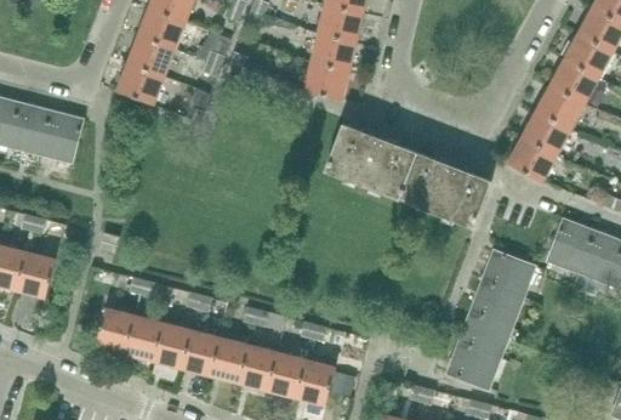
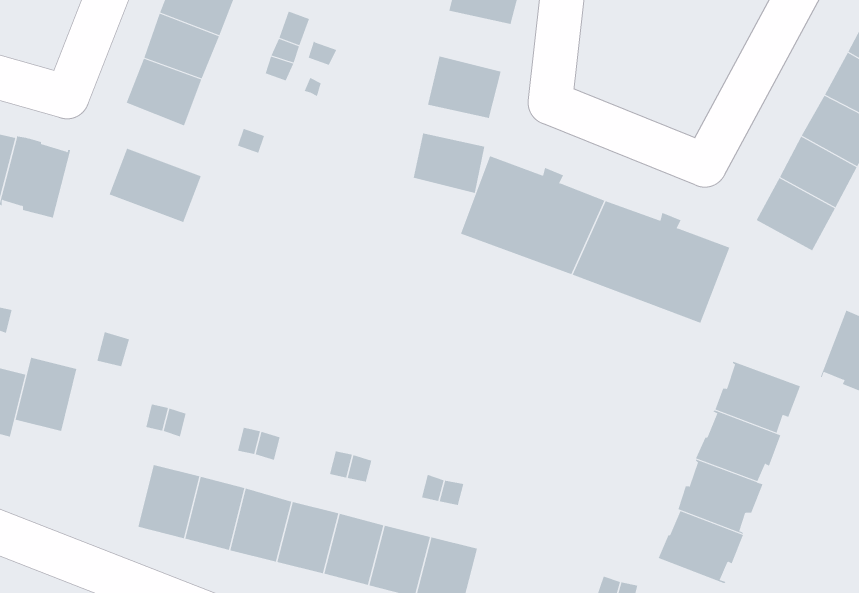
building: [310,33,355,70] -> [413,133,485,193]
building: none -> [109,148,201,223]
building: [95,307,133,353] -> [15,357,77,431]

